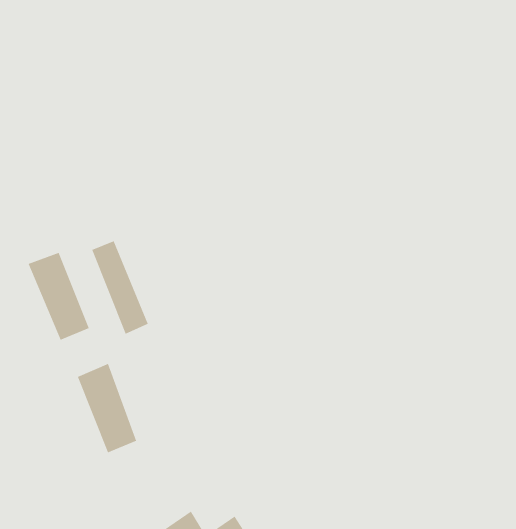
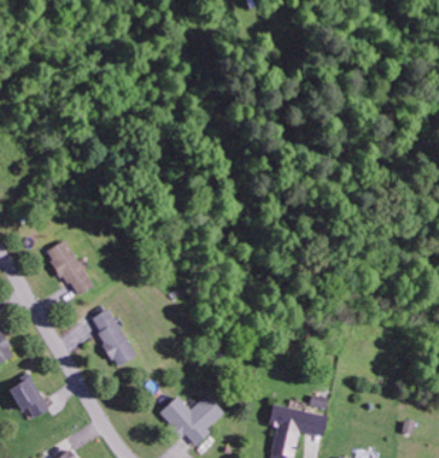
building: [91,240,149,335] -> none

